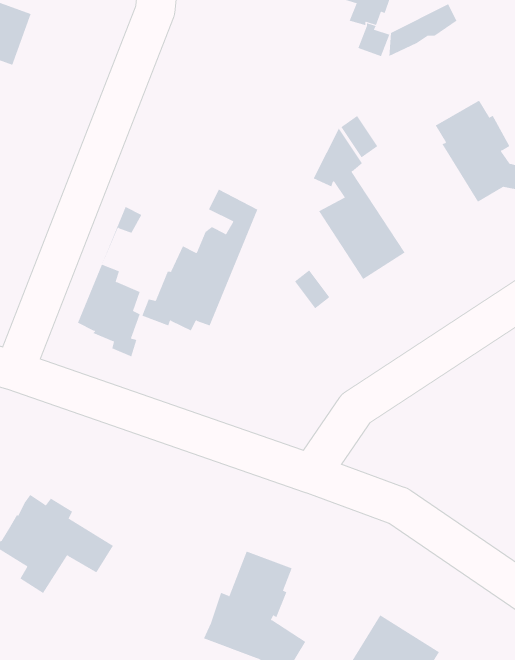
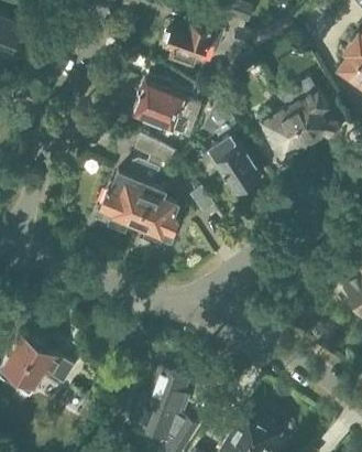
building: none -> [164,23,226,73]
building: none -> [134,84,202,138]
building: none -> [260,108,308,165]
building: [77,206,142,357] -> [136,150,178,247]

